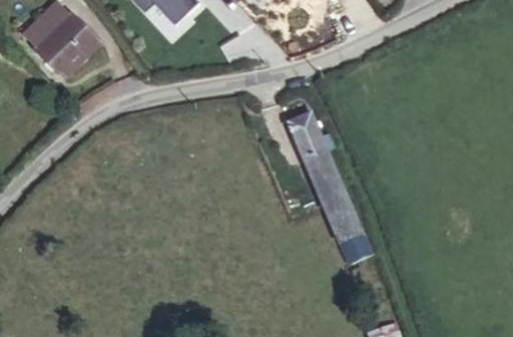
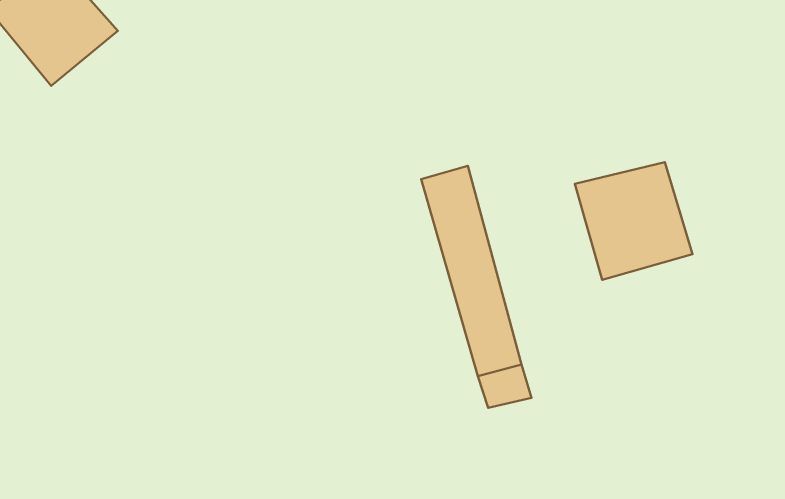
building: none -> [575,162,693,280]

